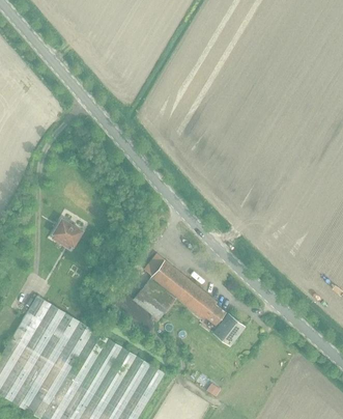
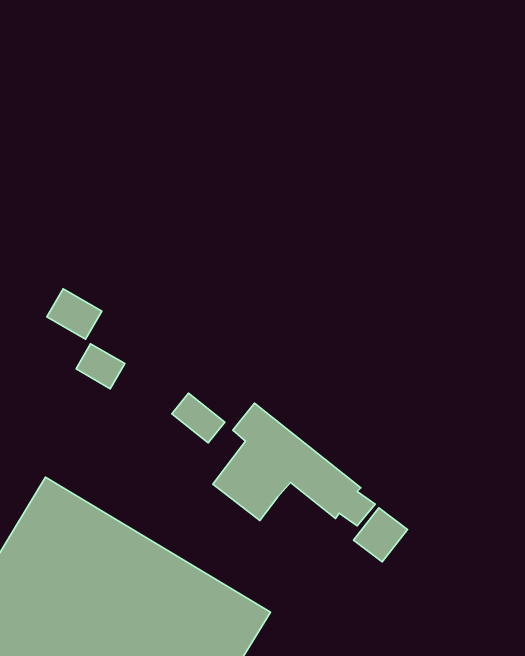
building: none -> [47,289,102,339]
building: none -> [172,393,225,443]

